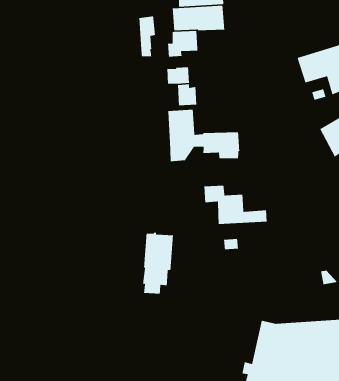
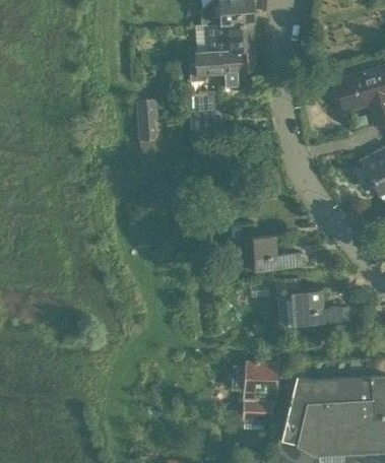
building: [139,16,156,57] -> [138,100,157,146]
building: none -> [224,52,257,75]
building: [167,109,240,162] -> none
building: [142,232,174,294] -> [244,361,279,432]
building: none -> [276,279,349,325]

